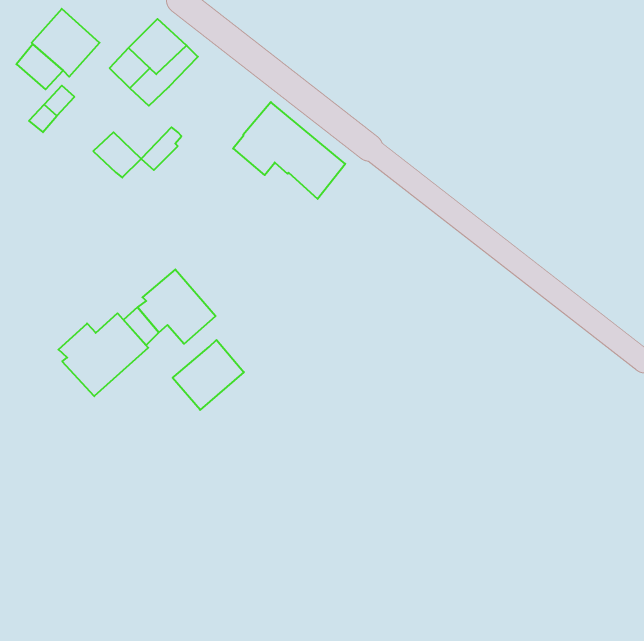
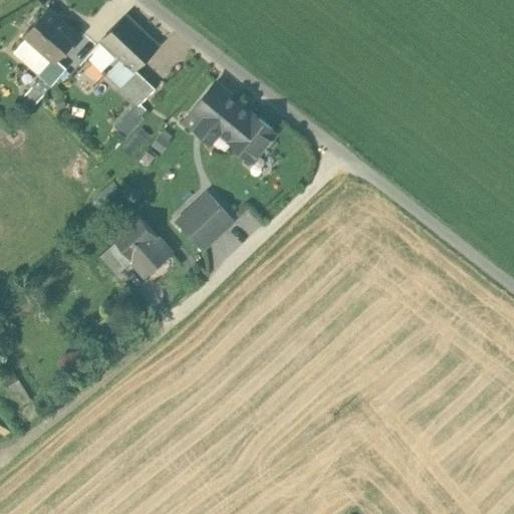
building: [93,132,141,178] -> [118,71,157,107]
building: none -> [177,194,233,250]
building: [58,313,148,396] -> none
building: [173,340,244,410] -> none

